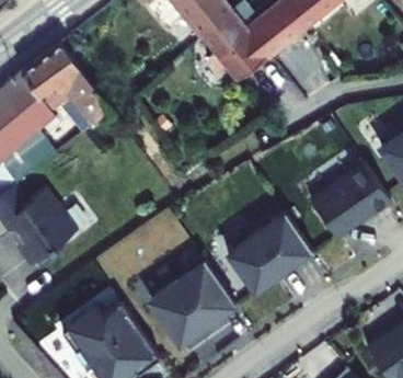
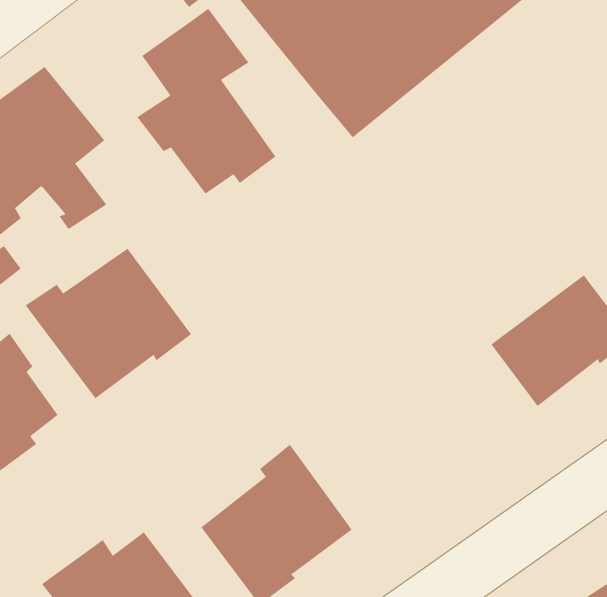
building: none -> [136,8,276,195]
building: none -> [25,248,192,399]
building: [227,215,314,295] -> none

